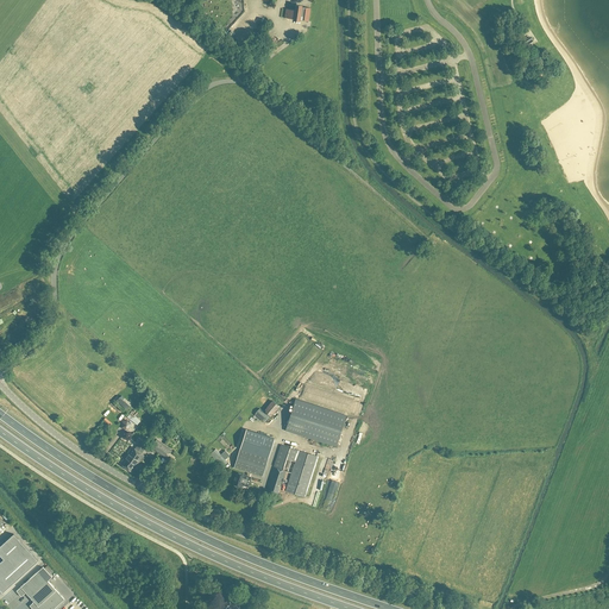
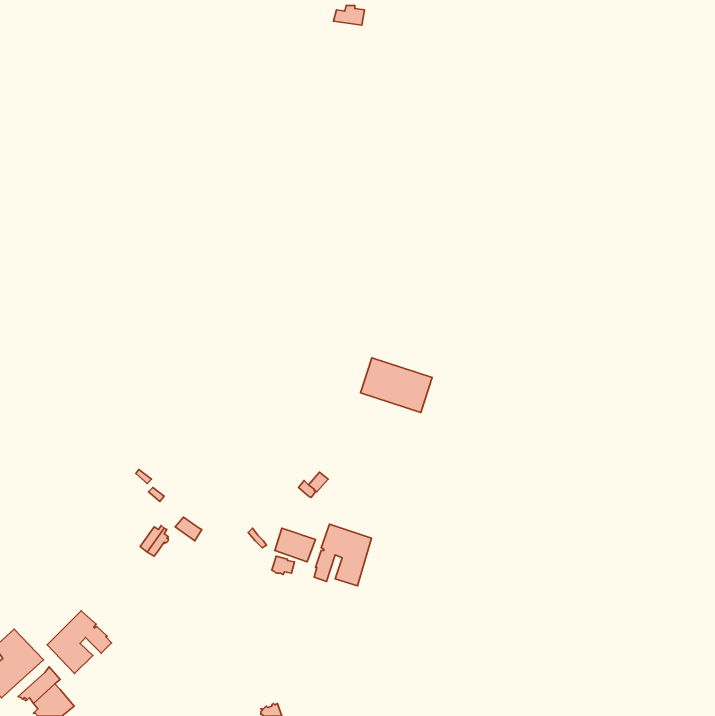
building: [284,400,345,446] -> [361,358,432,413]
building: [239,429,274,458] -> none
building: none -> [47,611,111,673]

